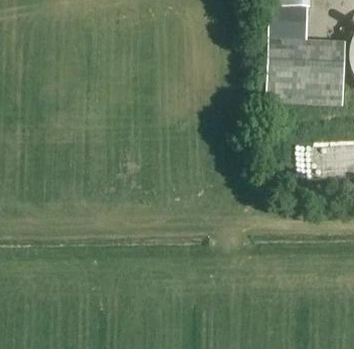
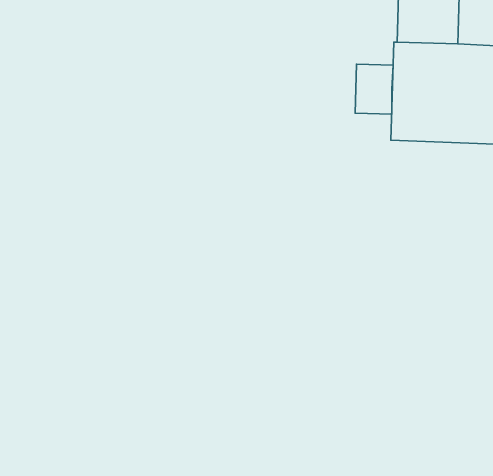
building: none -> [355,64,393,114]

